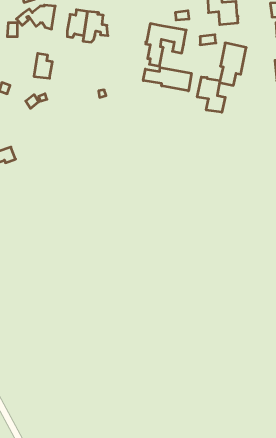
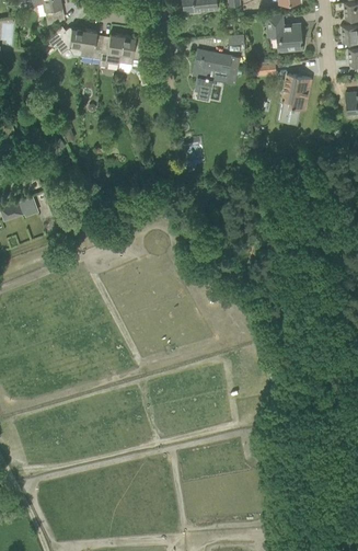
building: [34,53,52,78] -> [80,28,102,58]
building: [143,68,191,91] -> none
building: [197,77,225,112] -> none

